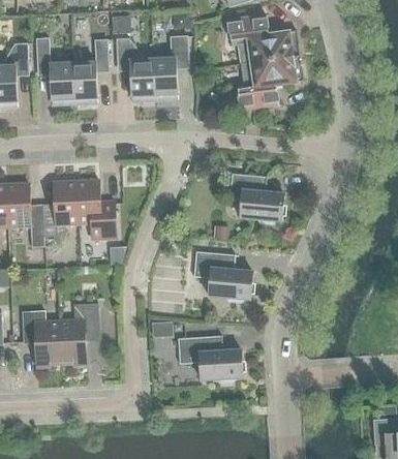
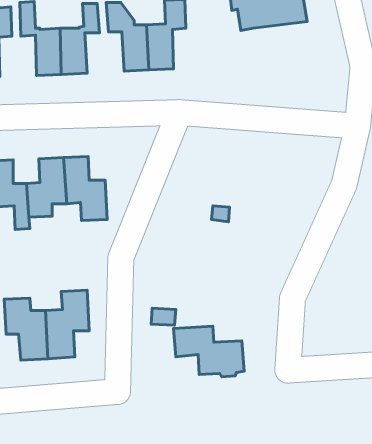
building: [236,55,303,109] -> none
building: [228,173,283,223] -> none
building: [193,250,252,301] -> none

